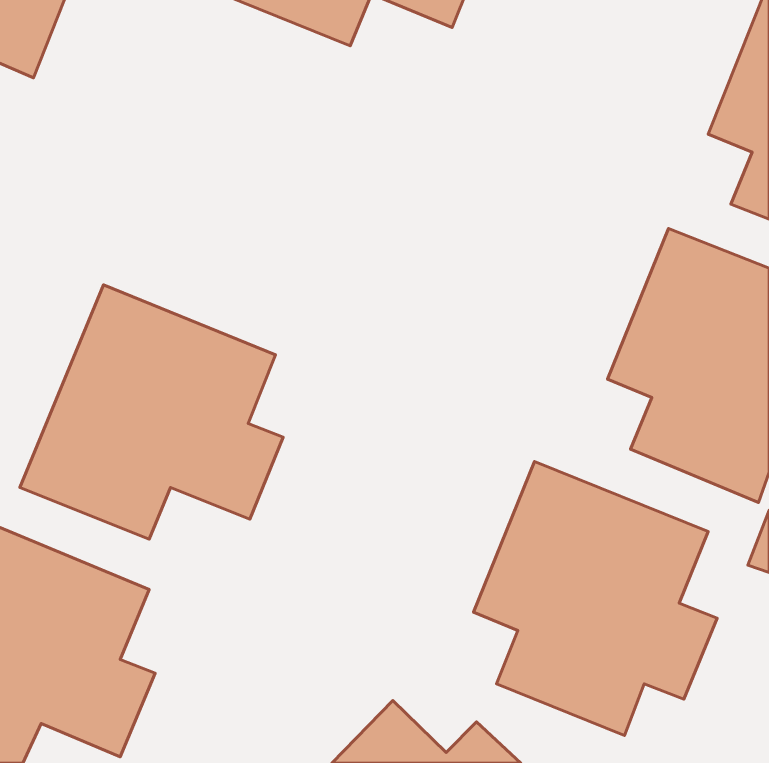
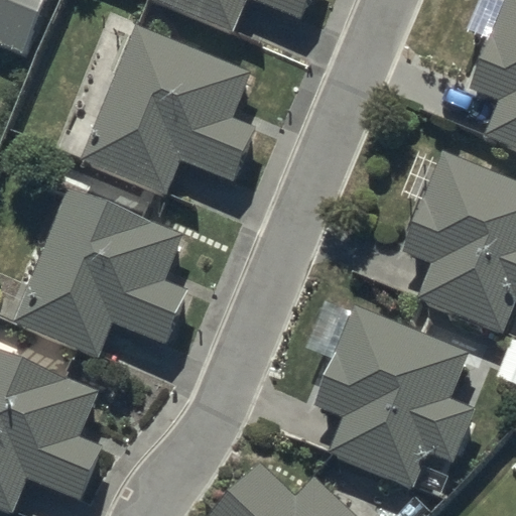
building: none -> [82,25,254,194]

